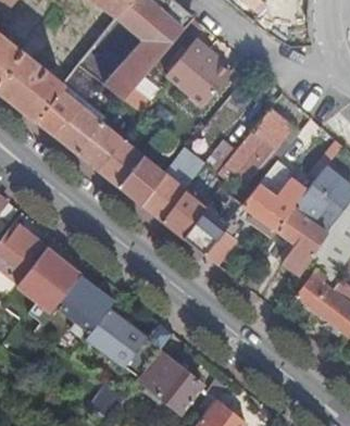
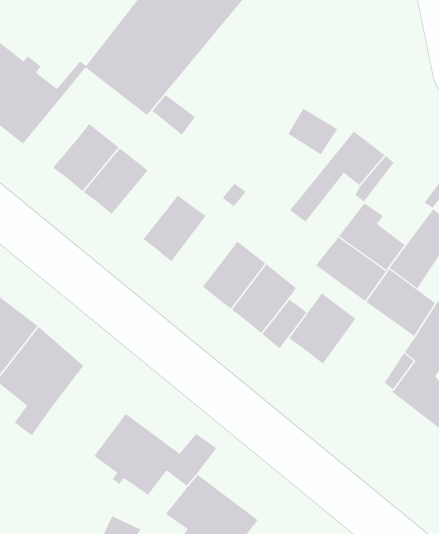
building: [164,41,227,105] -> none
building: [35,87,82,135] -> none
building: [98,137,145,186] -> none
building: [140,170,187,220] -> none
building: none -> [288,293,356,364]
building: [54,276,114,341] -> none

